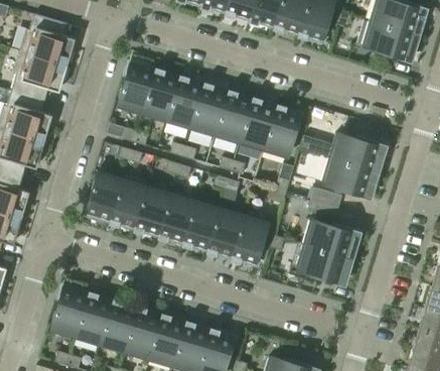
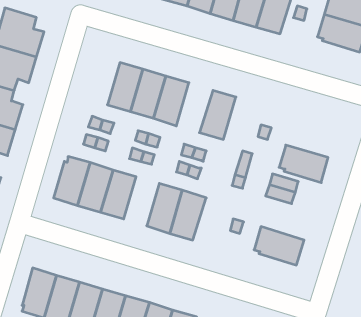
building: [119,63,155,115] -> none
building: [214,92,253,144] -> none
building: [264,107,302,158] -> none
building: [329,132,382,170] -> none
building: [159,191,196,242] -> none
building: [232,213,269,264] -> none
building: [303,219,355,257] -> none

